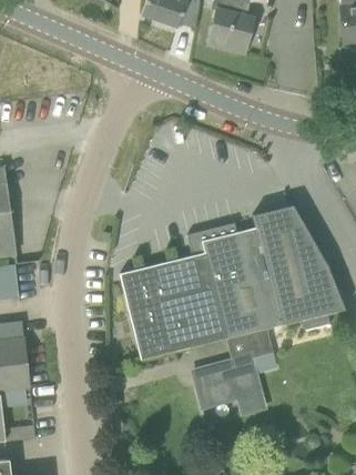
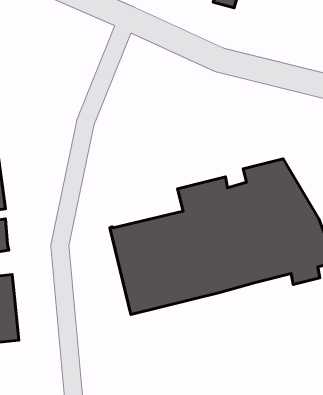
building: [193,329,276,414] -> none

